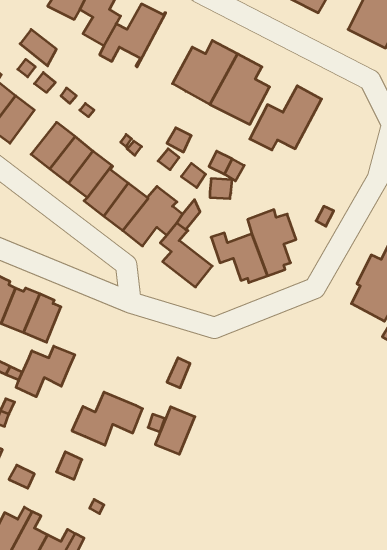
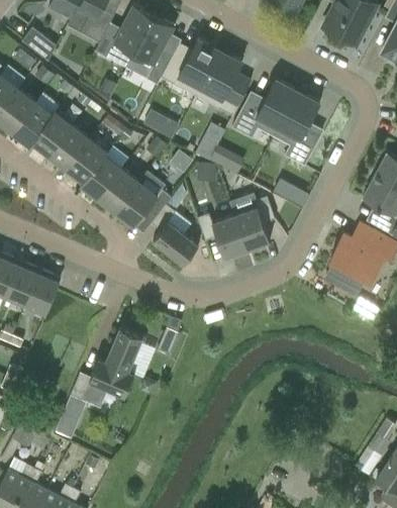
building: none -> [129,13,175,79]
building: none -> [274,92,321,167]
building: none -> [13,102,56,146]
building: [16,346,75,397] -> none
building: [155,407,195,454] -> [106,328,142,372]

